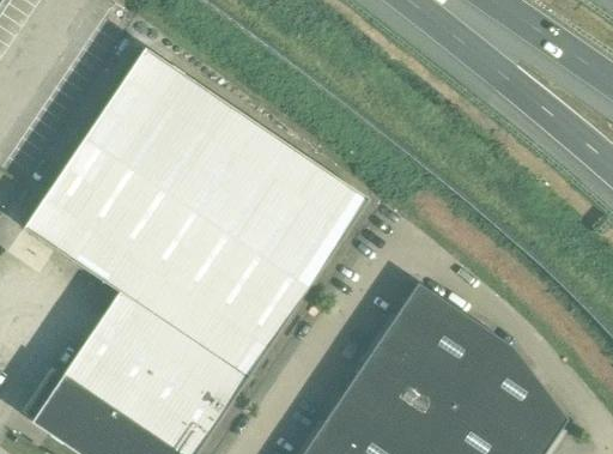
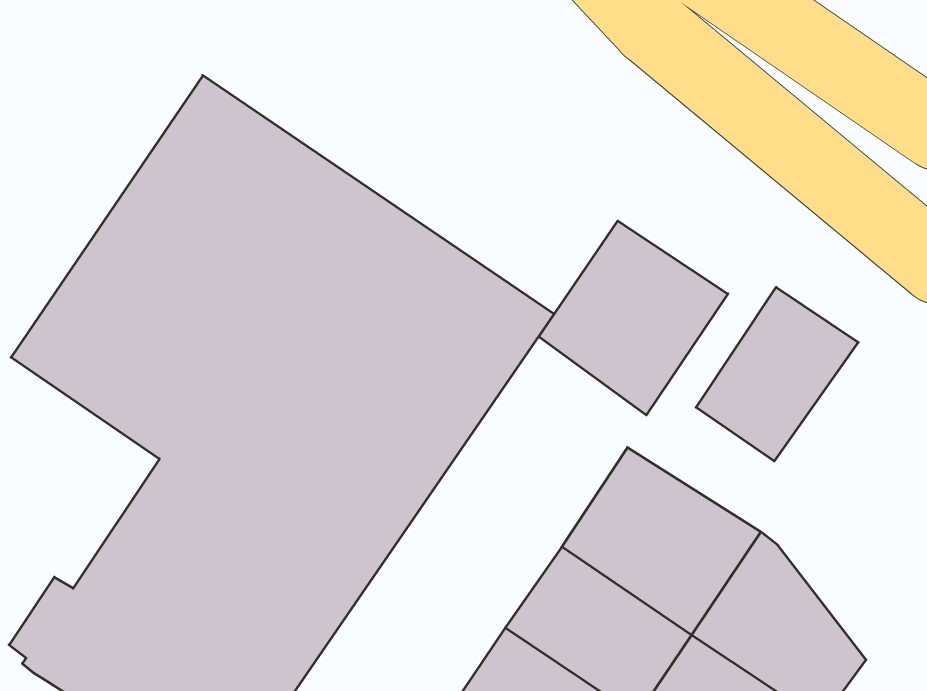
building: none -> [539,221,728,415]
building: none -> [696,287,858,461]

